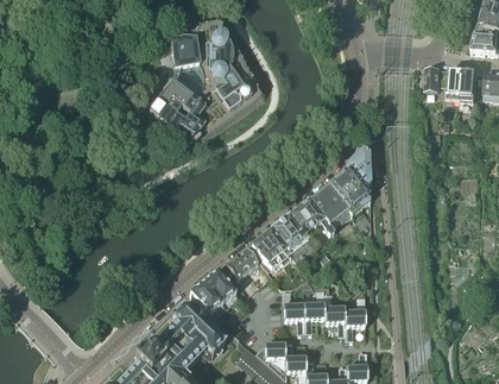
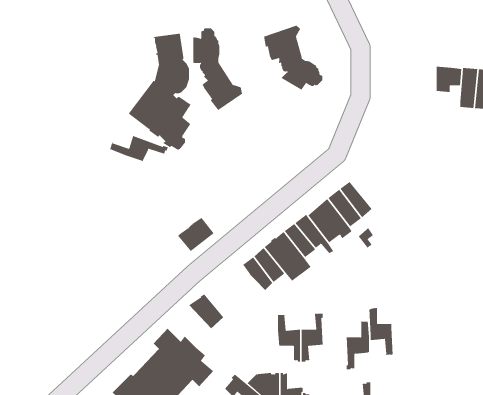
building: none -> [263,25,323,91]
building: none -> [109,135,168,162]
building: [346,149,368,196] -> none
building: [223,246,257,278] -> [177,216,214,252]
building: [189,281,222,313] -> none
building: [322,291,345,334] -> [368,308,394,355]

